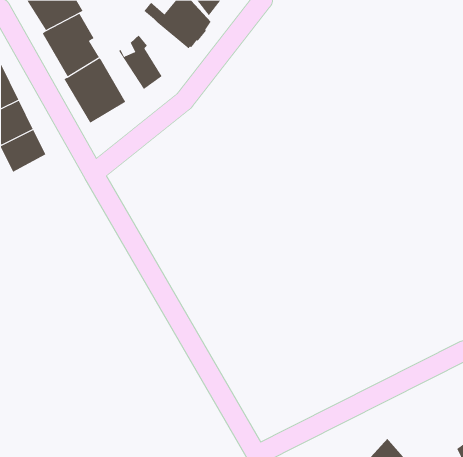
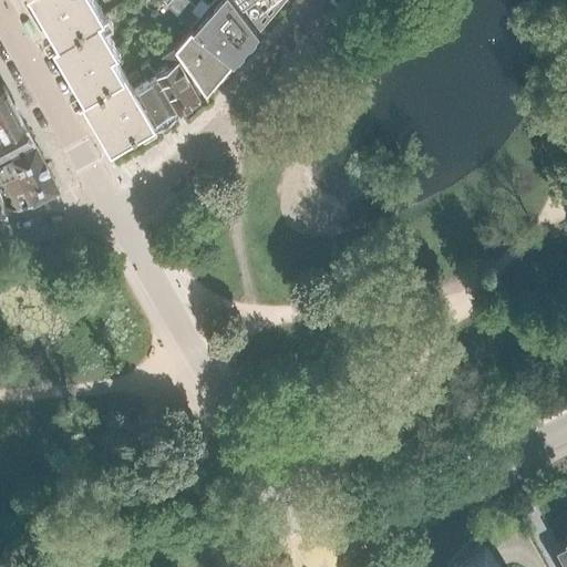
building: none -> [171,32,231,99]
building: none -> [125,71,176,133]

